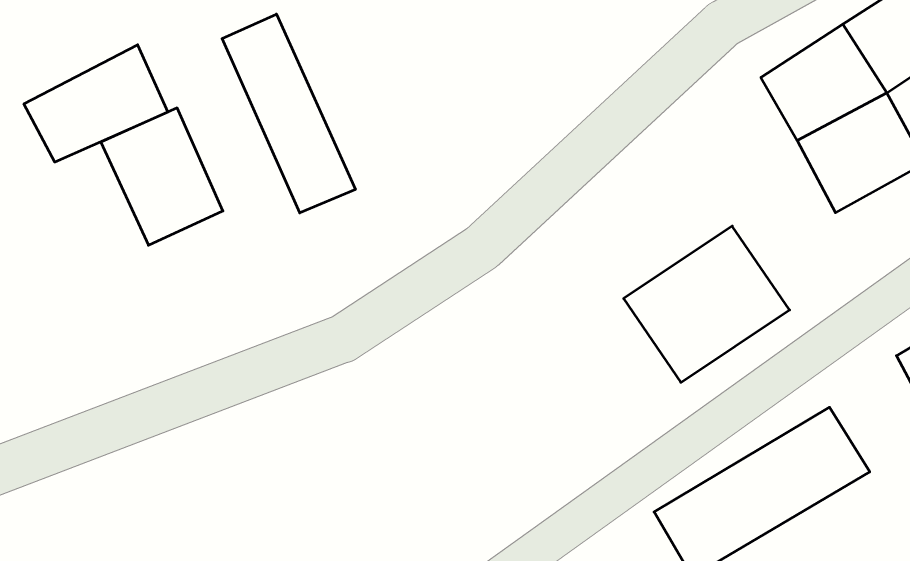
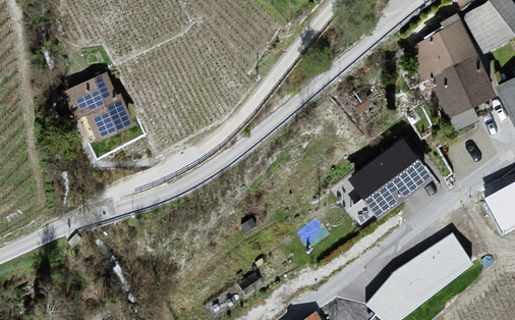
building: [222,14,355,213] -> none
building: [24,45,168,162] -> none

